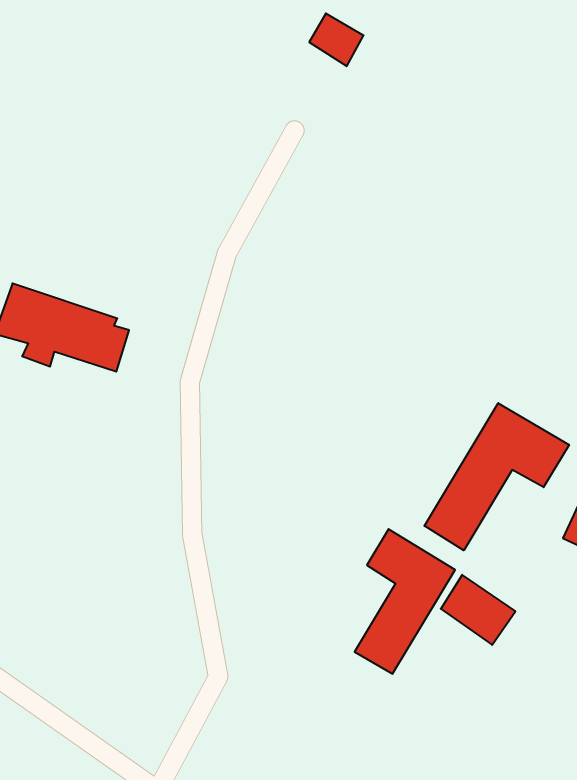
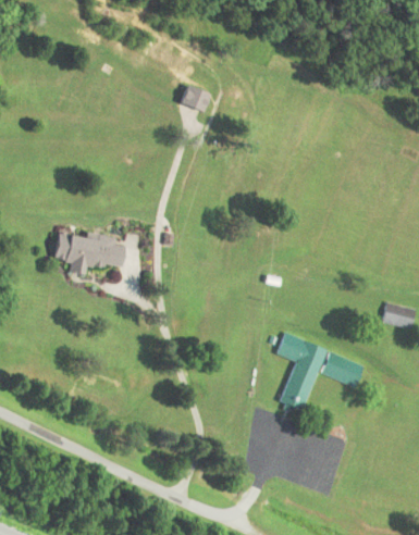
building: [309,13,364,66] -> [181,84,210,111]
building: [424,403,569,550] -> none

